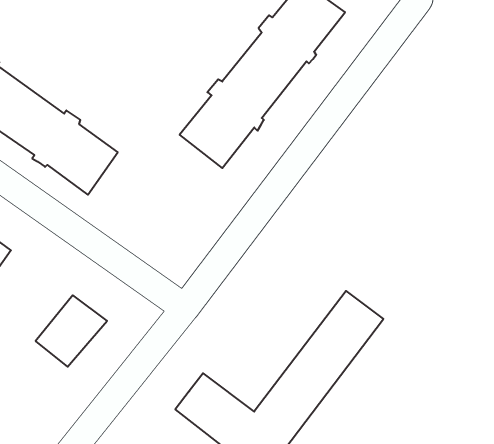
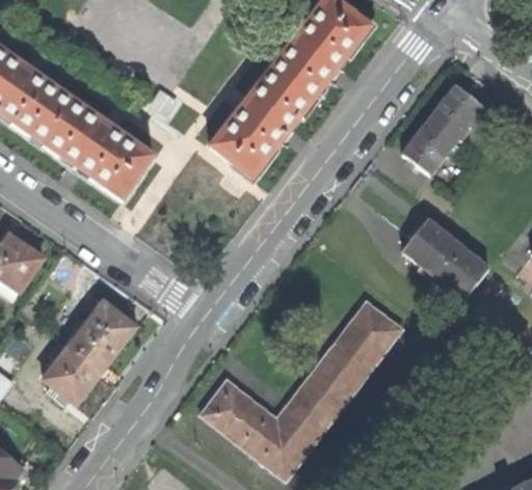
building: none -> [404,81,483,171]
building: none -> [402,217,490,298]
building: none -> [43,341,99,402]

